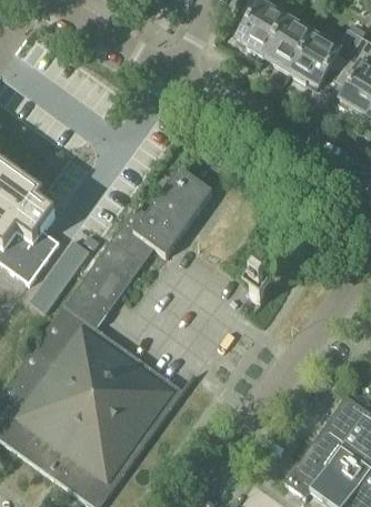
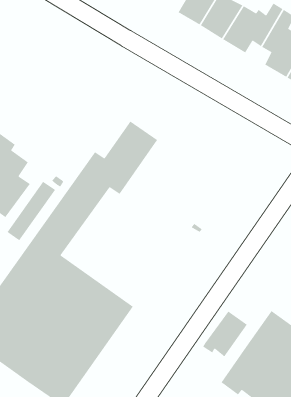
building: none -> [202,311,248,358]

